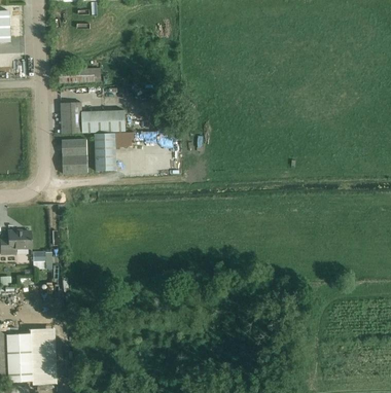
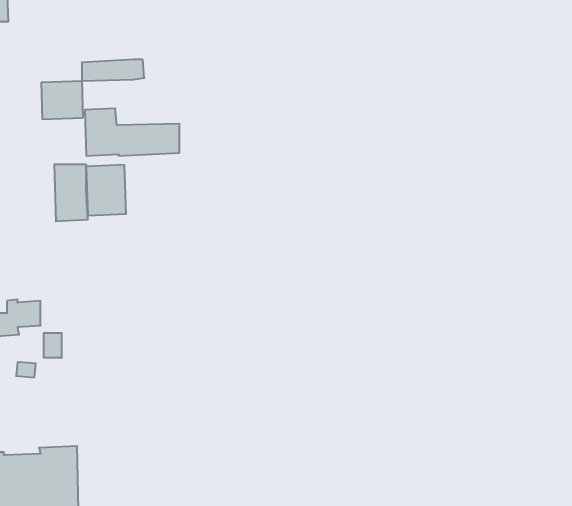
building: none -> [41,81,83,119]
building: [94,132,116,170] -> [54,165,88,221]

